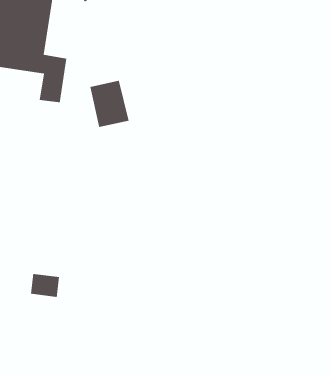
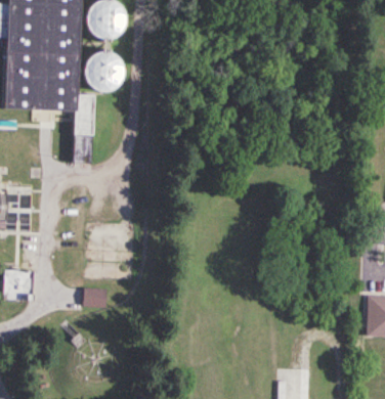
building: [90,80,129,127] -> [85,48,124,92]

